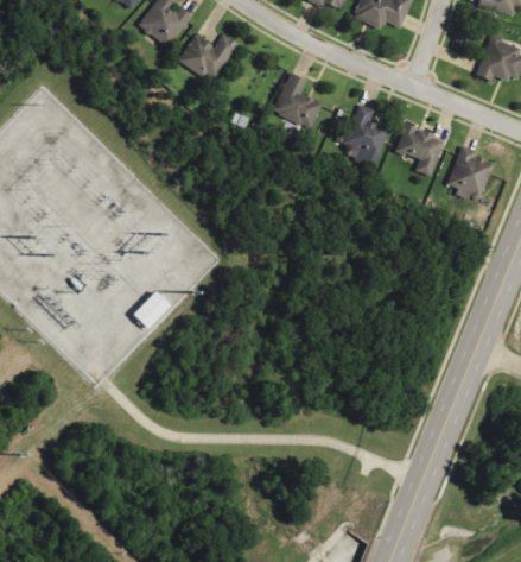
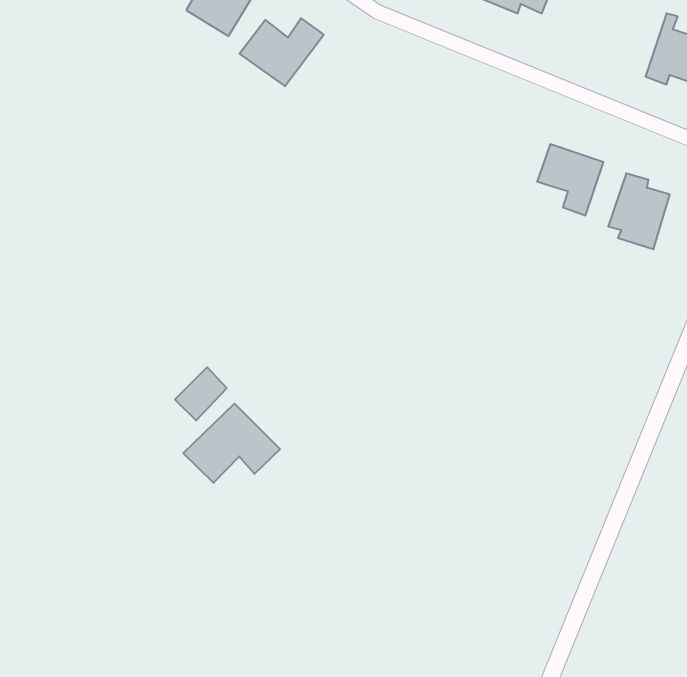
building: [273,72,322,127] -> none
building: [347,103,387,165] -> none
building: none -> [183,404,280,483]

